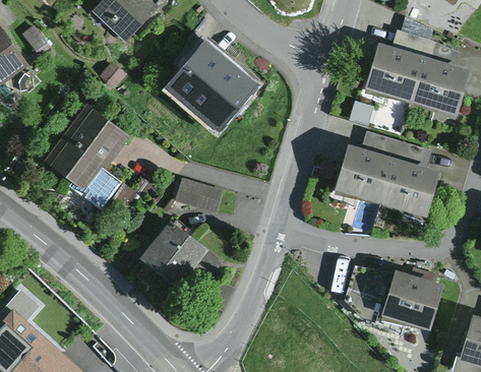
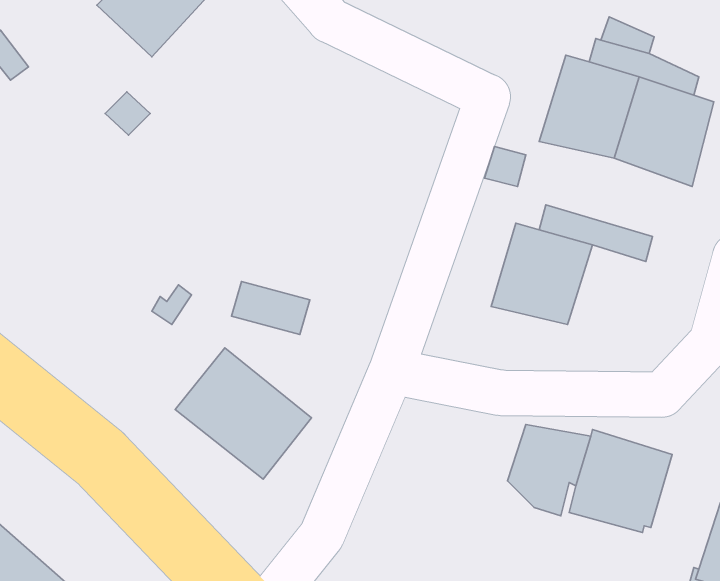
building: [172,45,254,126] -> none
building: [46,106,129,211] -> none
building: [380,157,441,222] -> none

